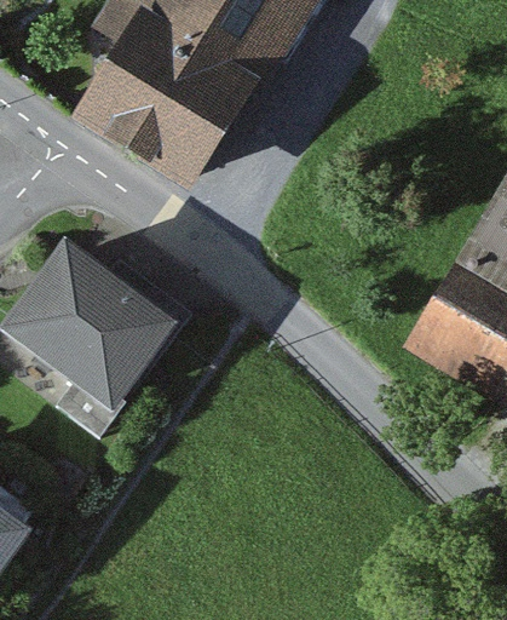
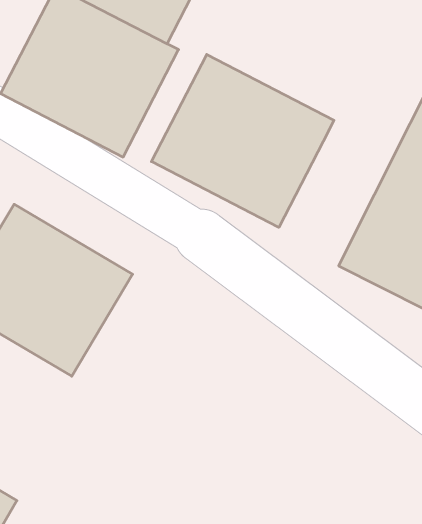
building: none -> [151,54,334,227]

